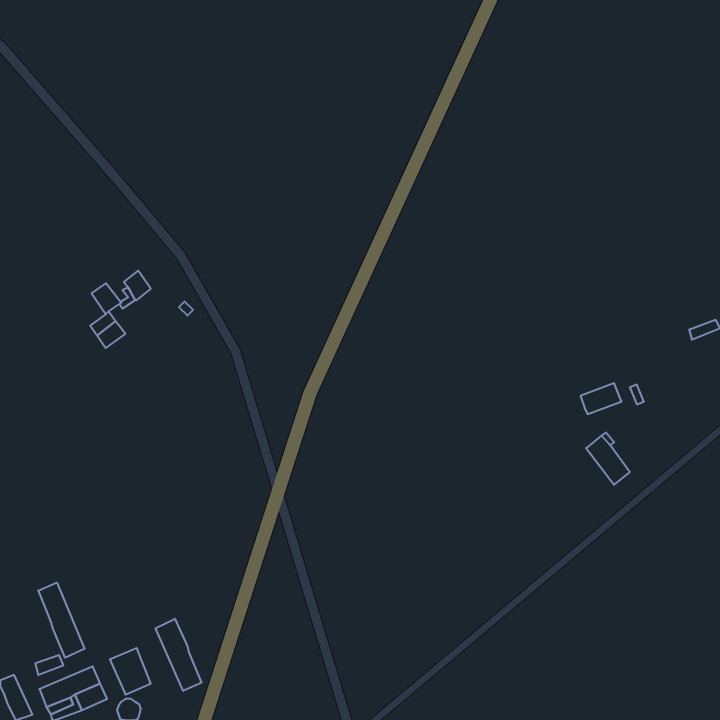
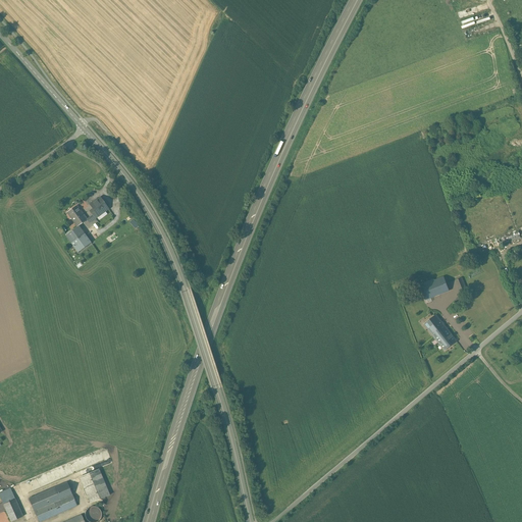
building: [38,583,85,658] -> none
building: [156,619,202,691] -> none

